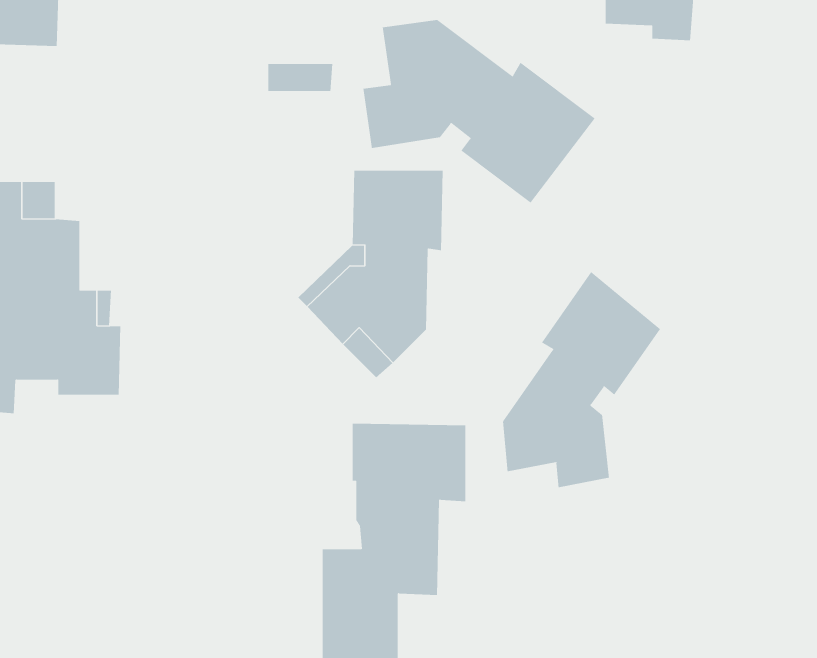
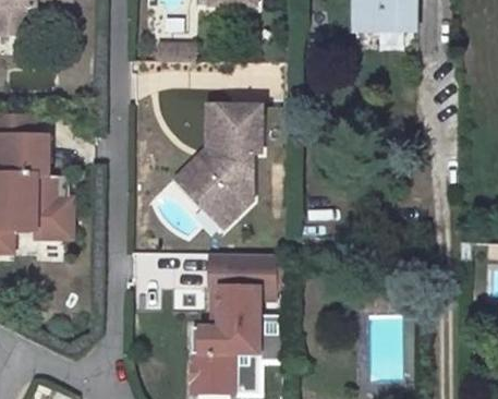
building: [363,19,596,203] -> none
building: [503,271,661,488] -> none

